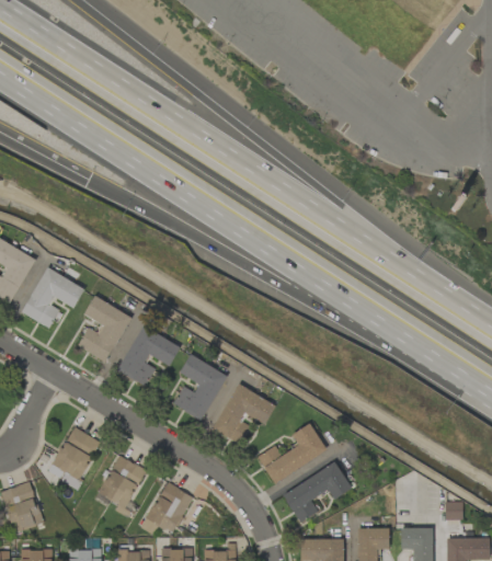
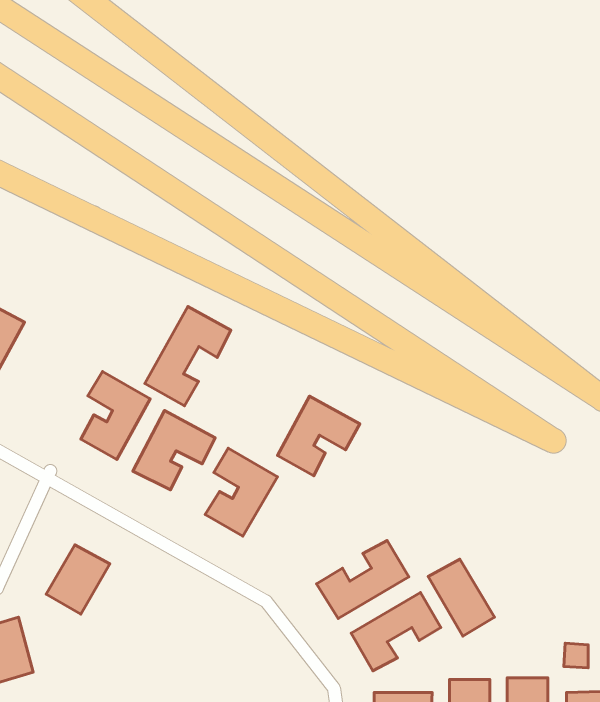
building: none -> [145,306,231,406]
building: [22,268,84,328] -> none
building: [213,385,275,445] -> [278,396,360,476]
building: none -> [428,559,495,636]
building: [99,456,146,515] -> none
building: [141,482,193,535] -> none

